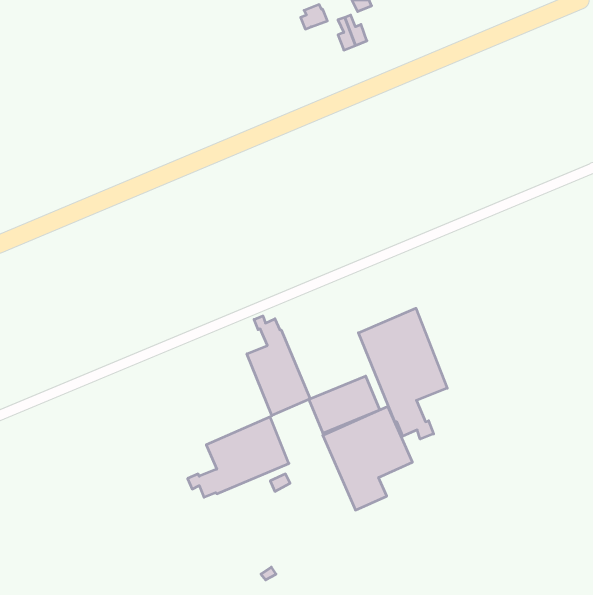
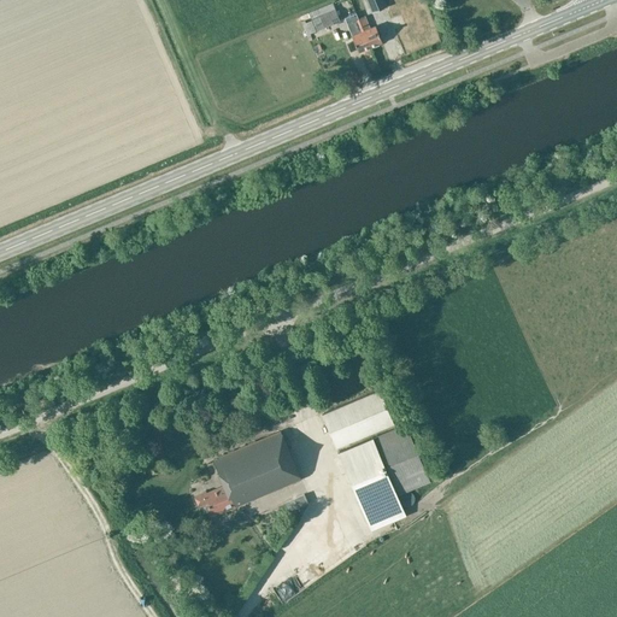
building: [358,308,447,439] -> none
building: [247,316,310,416] -> none

